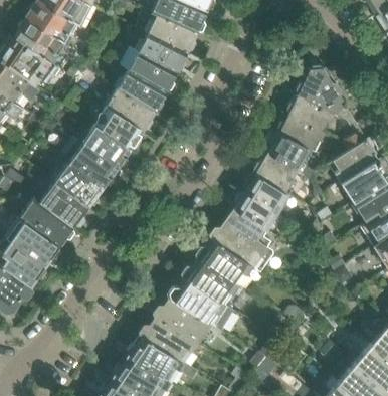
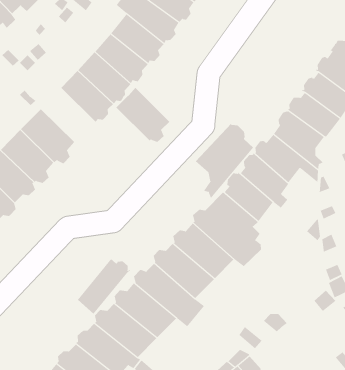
building: [69,142,118,186] -> [115,87,170,142]
building: none -> [195,122,254,199]
building: none -> [77,258,131,315]

